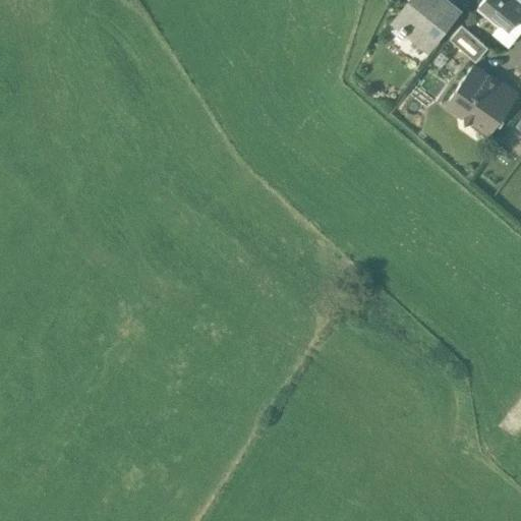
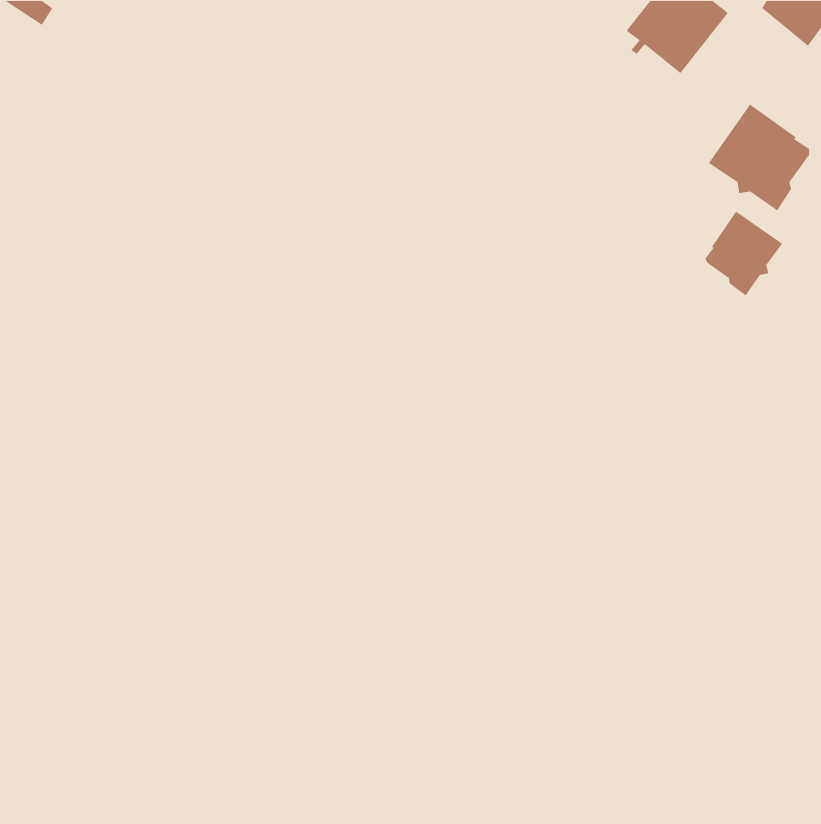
building: [453,26,490,62] -> none
building: none -> [705,210,783,297]

